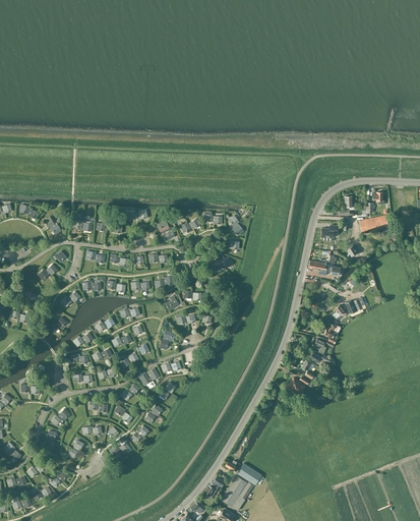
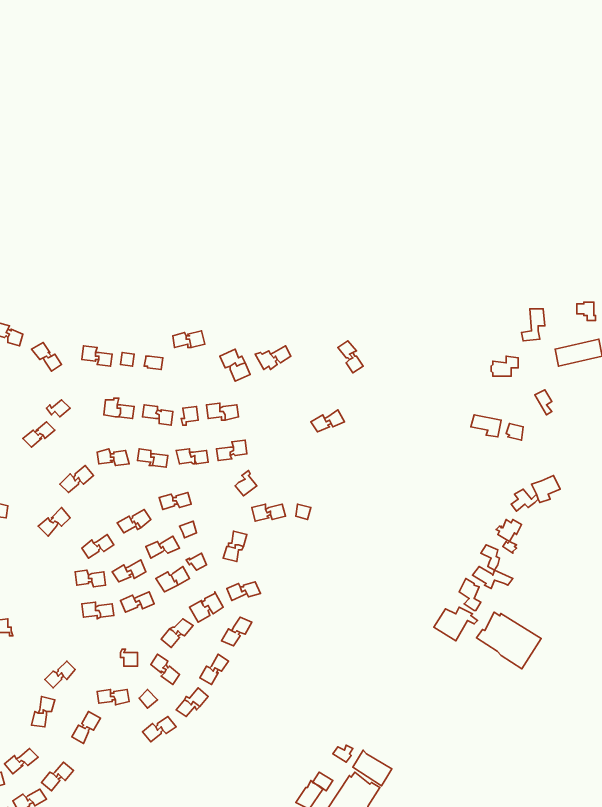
building: none -> [477,612,541,669]

